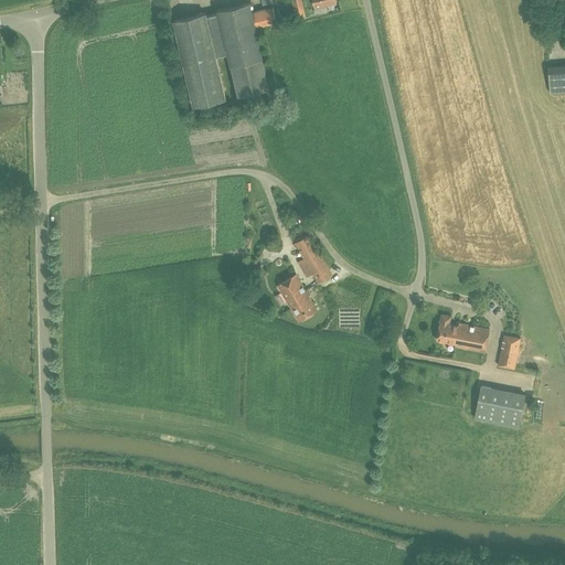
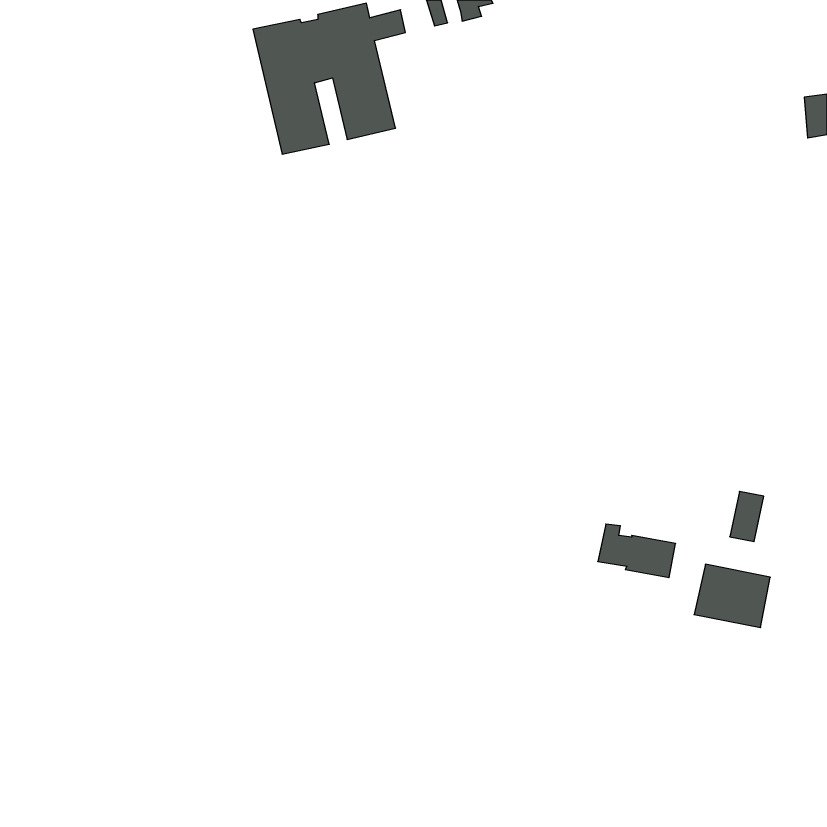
building: [292,235,331,285] -> none
building: [276,275,316,321] -> none
building: [435,316,488,352] -> [598,524,676,578]

